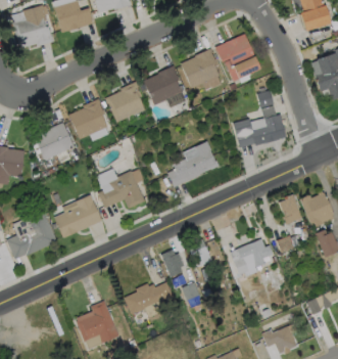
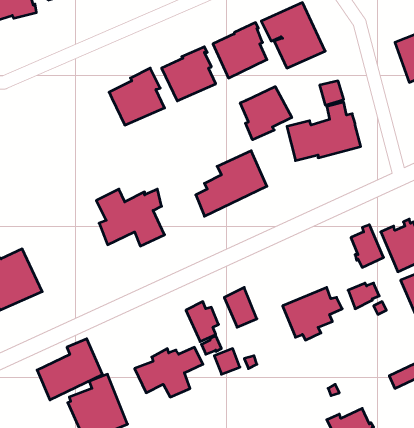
building: none -> [240,87,292,140]
building: [68,98,106,139] -> none
building: [33,122,74,161] -> none
building: [54,194,101,238] -> [37,339,102,400]

